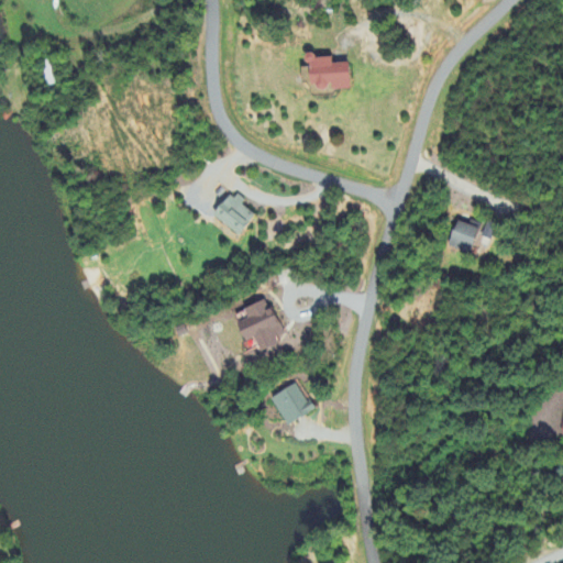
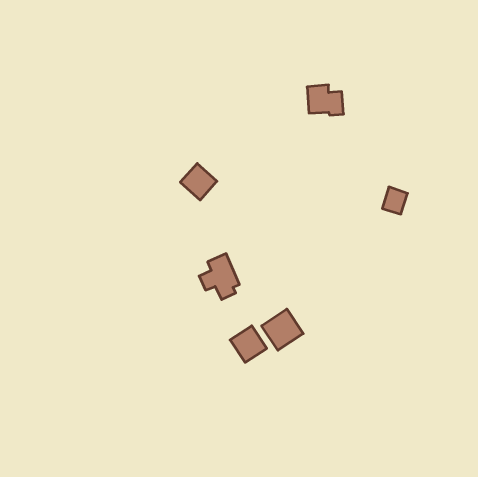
building: [306,53,349,88] -> [307,85,344,115]
building: none -> [262,309,303,350]

